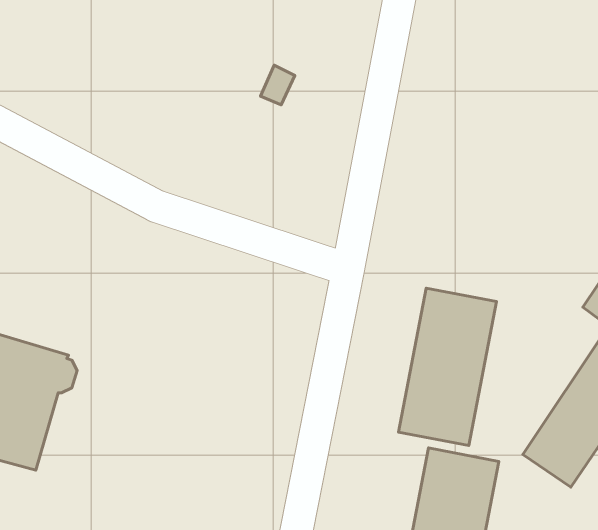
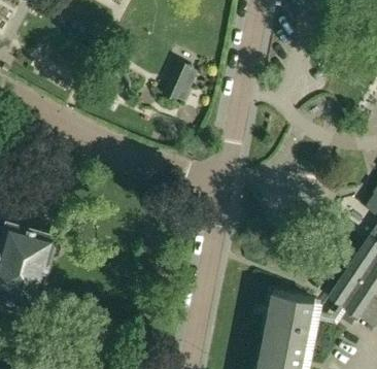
building: [398,288,496,446] -> none

